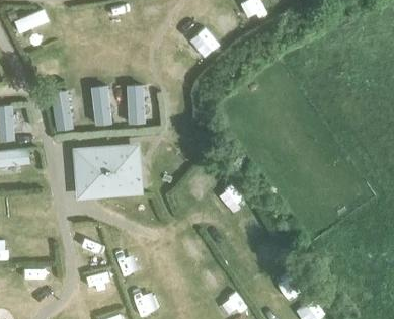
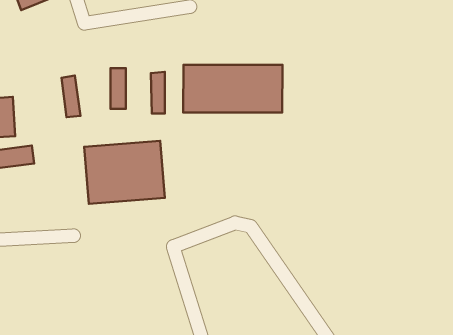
building: none -> [183,65,282,113]

